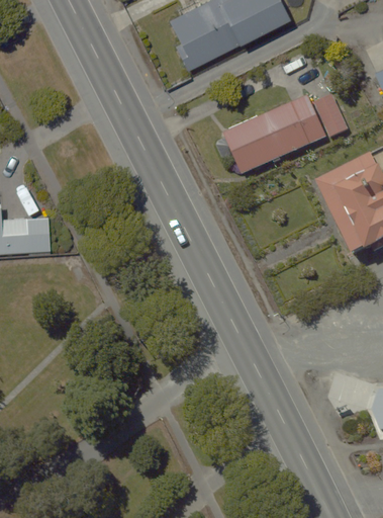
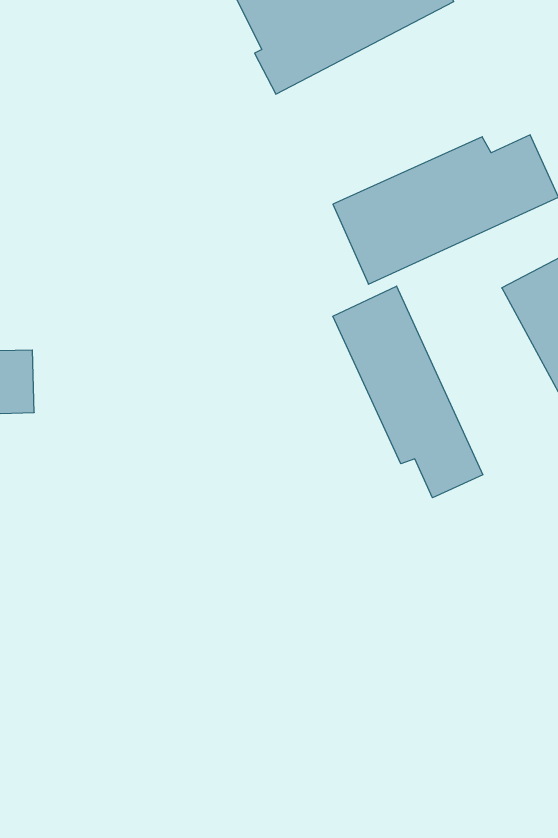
building: none -> [333,286,483,498]

